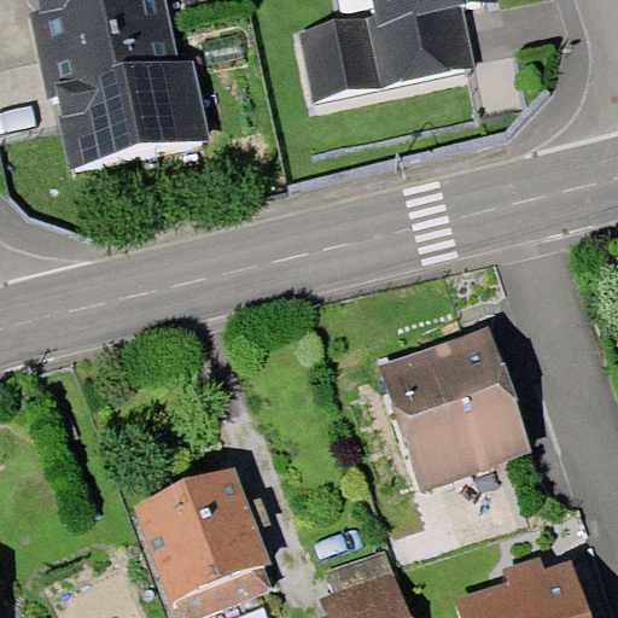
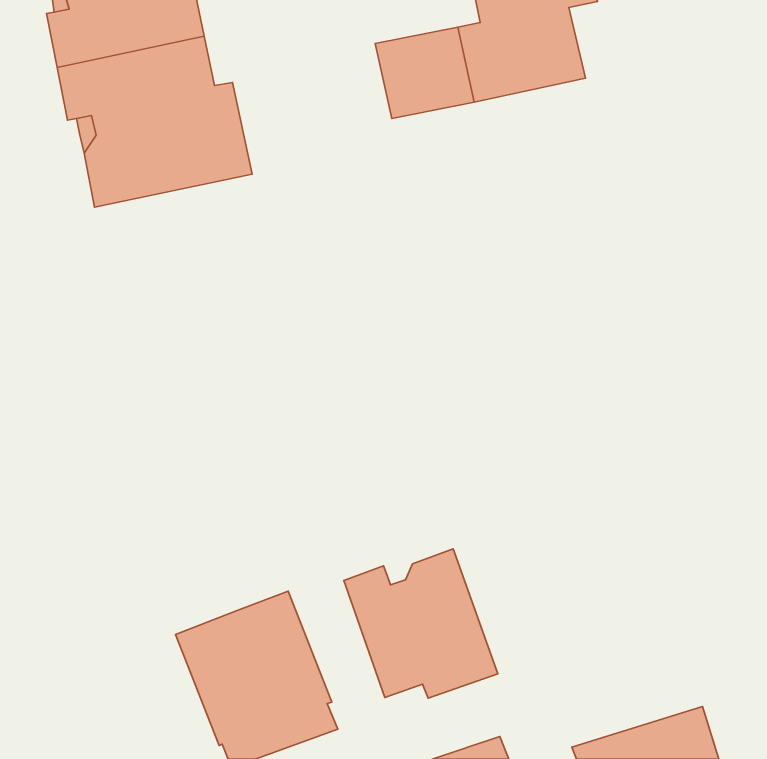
building: [384,336,530,485] -> none
building: none -> [344,549,498,698]

